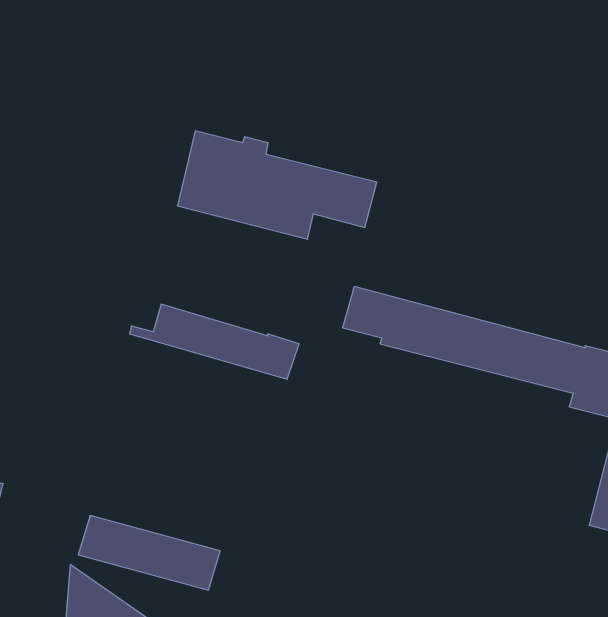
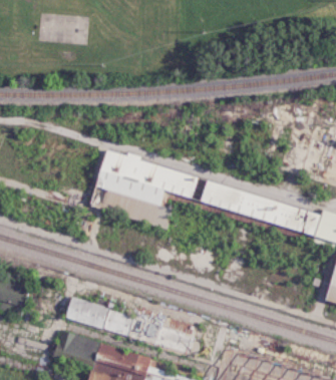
building: [177,131,377,239] -> [96,149,198,205]

